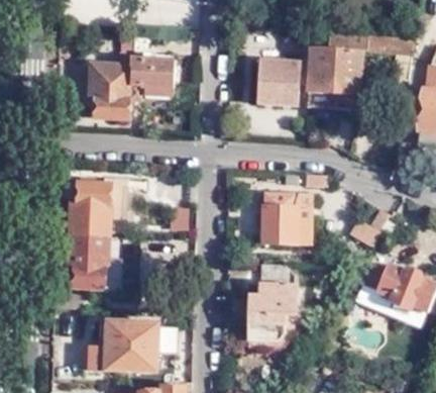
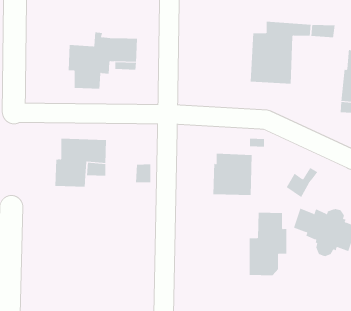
building: [258,61,300,106] -> none
building: [69,234,108,287] -> none
building: [251,265,298,342] -> [249,212,287,276]
building: [91,318,158,369] -> none

